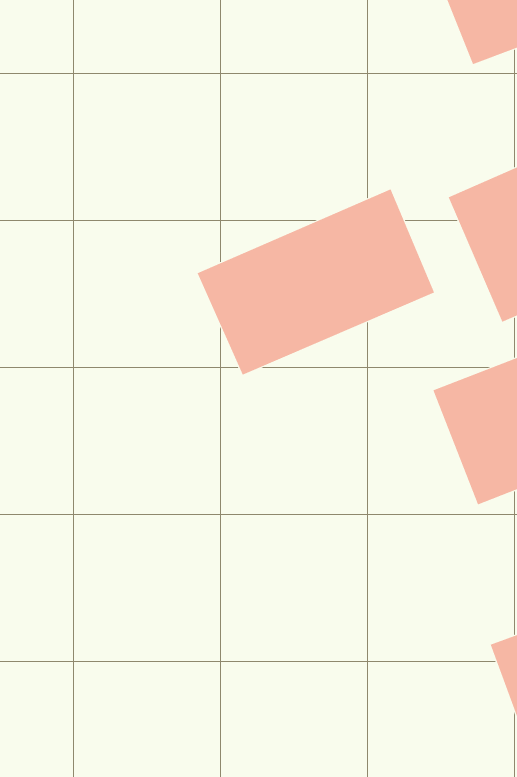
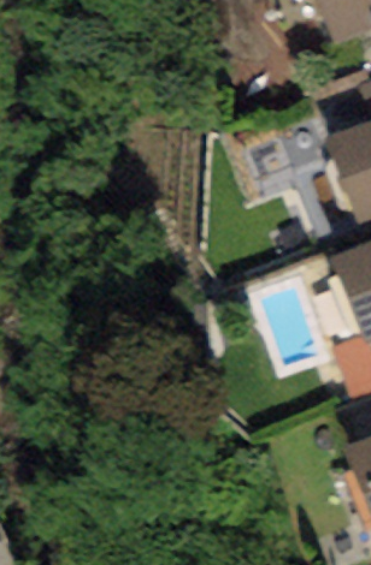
building: [197,189,435,376] -> none

